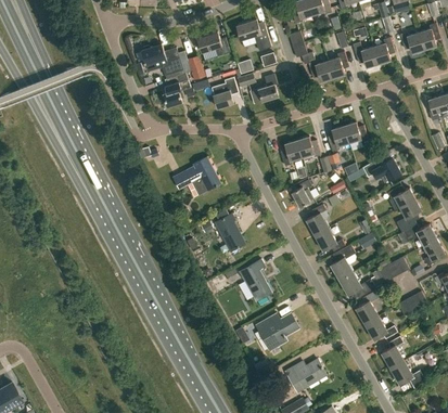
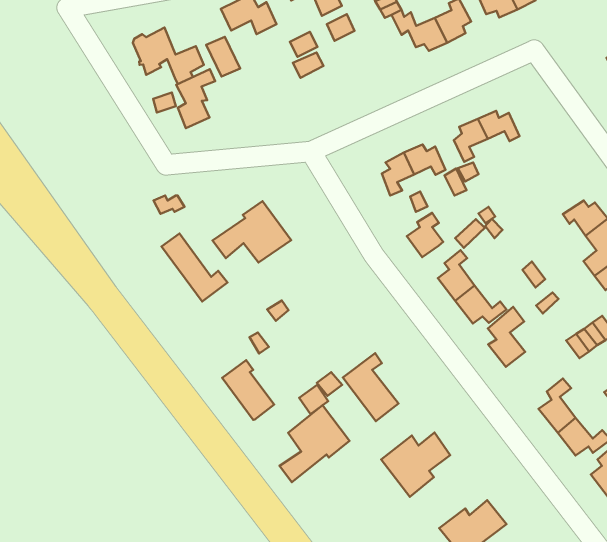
building: [251,75,279,104] -> none
building: [210,77,238,108] -> none
building: [361,157,400,182] -> none
building: none -> [161,234,227,302]
building: [215,215,244,251] -> [222,360,274,420]
building: [340,272,375,299] -> none
building: none -> [280,405,350,482]

